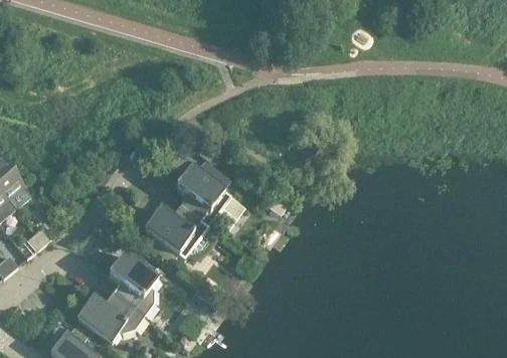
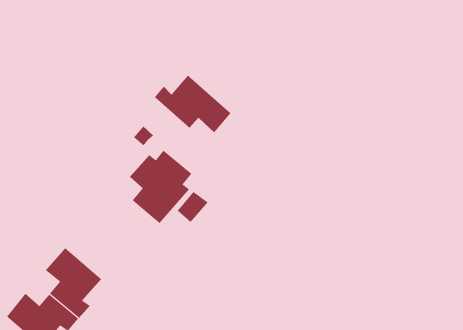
building: none -> [154,75,231,133]
building: [144,205,205,256] -> none

